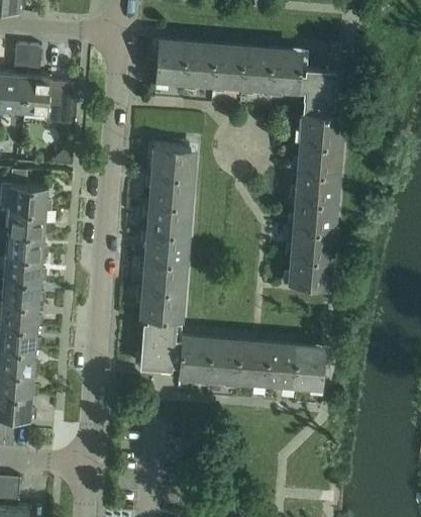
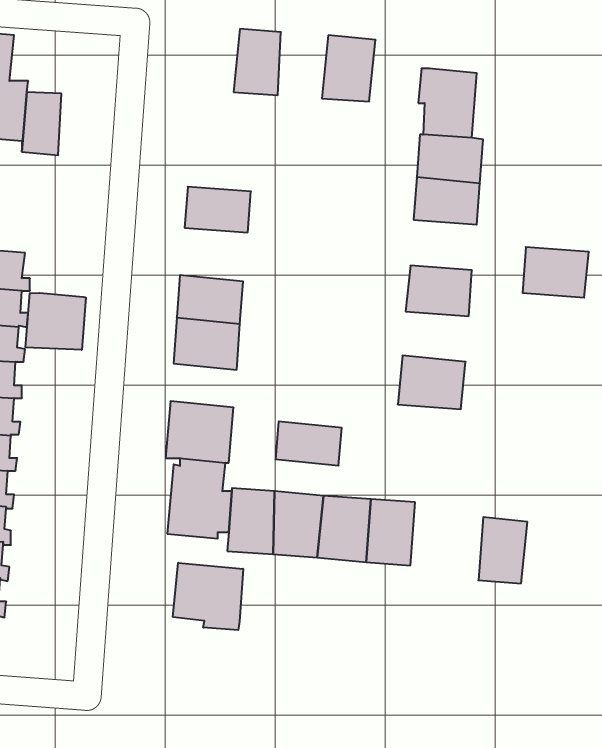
building: [155,41,187,84] -> none
building: [211,45,243,88] -> none
building: [270,50,309,93] -> none
building: [296,166,338,198] -> [523,247,589,298]
building: [148,171,192,205] -> none
building: none -> [25,293,86,350]
building: [291,224,333,256] -> none
building: [142,257,185,286] -> [275,421,342,466]
building: [296,346,327,389] -> [478,517,527,583]
building: none -> [173,563,243,630]

